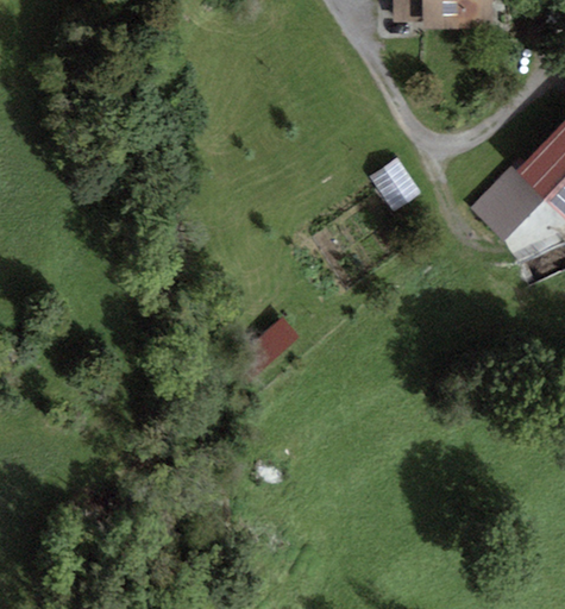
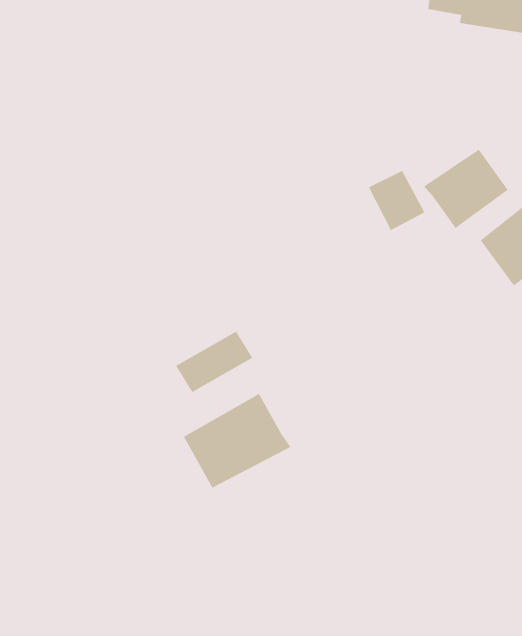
building: none -> [423,149,509,229]
building: none -> [183,393,291,488]

